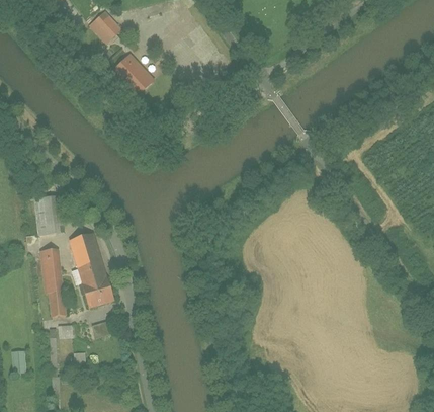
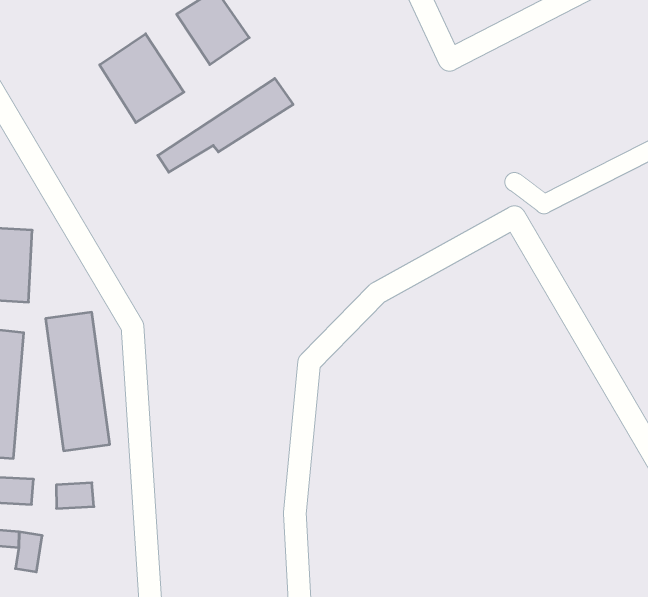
building: none -> [100,34,184,123]
building: none -> [158,78,293,172]

